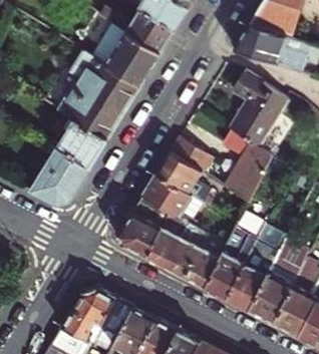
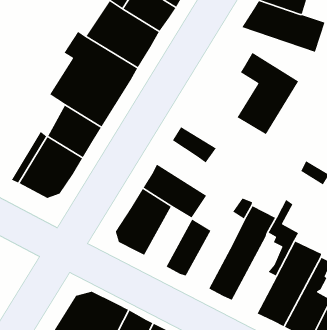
building: [222,131,271,203] -> none
building: [155,152,212,207] -> none
building: [144,213,188,268] -> none
building: [183,235,225,288] -> none
building: [225,237,270,311] -> none

